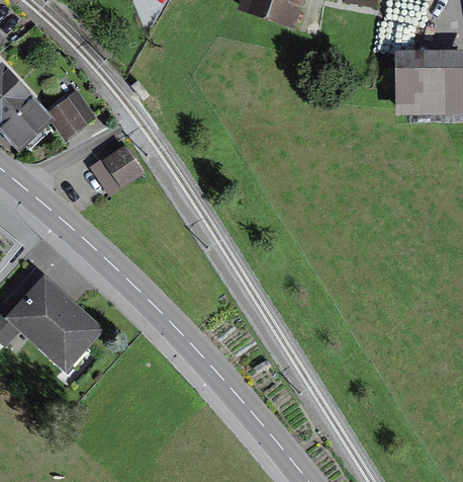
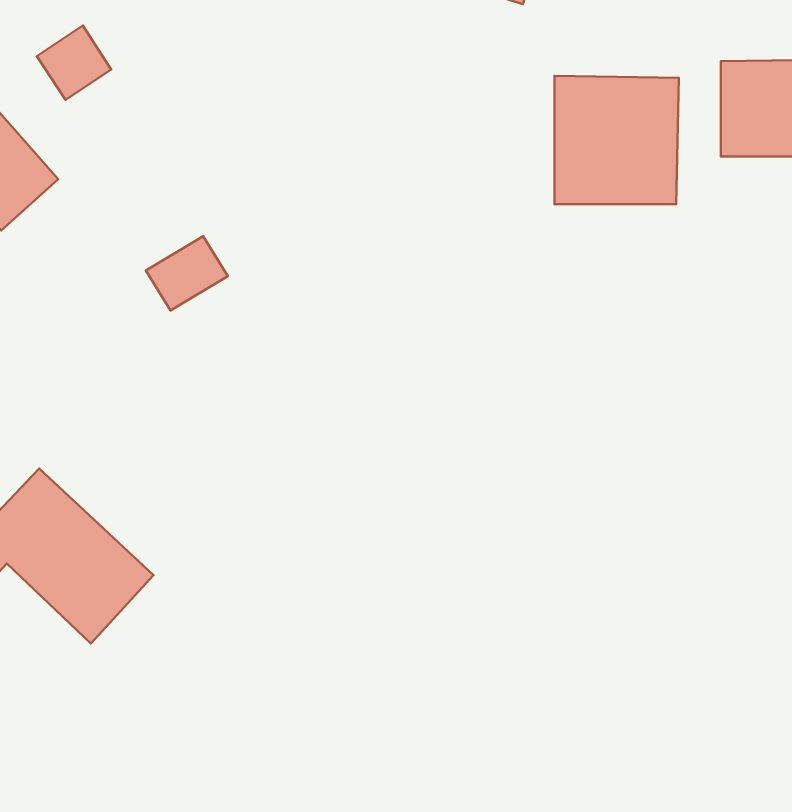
building: none -> [555,76,679,204]
building: [53,98,92,138] -> [37,26,111,100]

